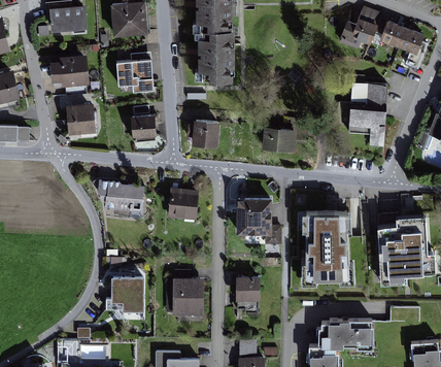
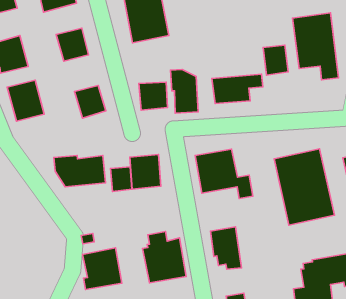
building: none -> [263,45,288,75]
building: none -> [171,70,198,113]
building: none -> [110,167,132,191]

